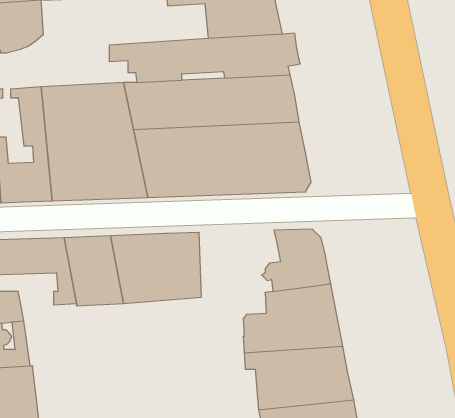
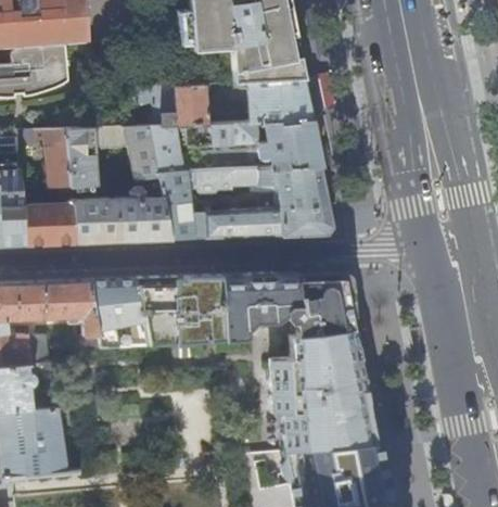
building: none -> [224,272,304,339]

